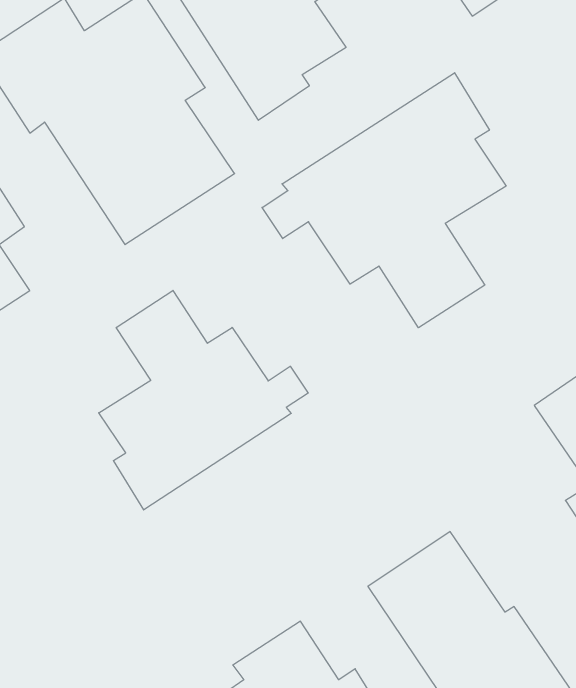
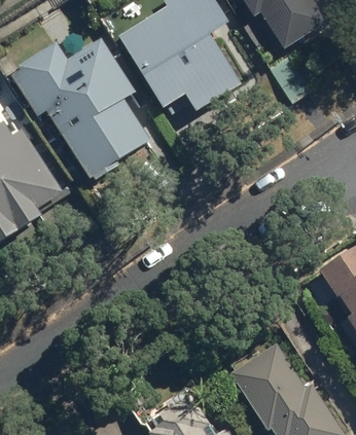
building: [262,73,506,328] -> none
building: [99,290,308,510] -> none

